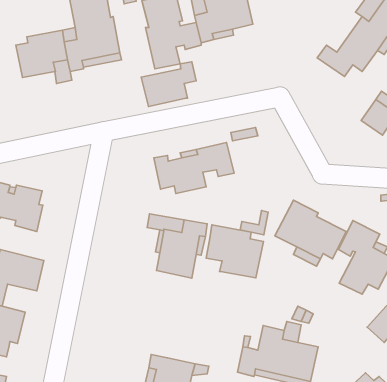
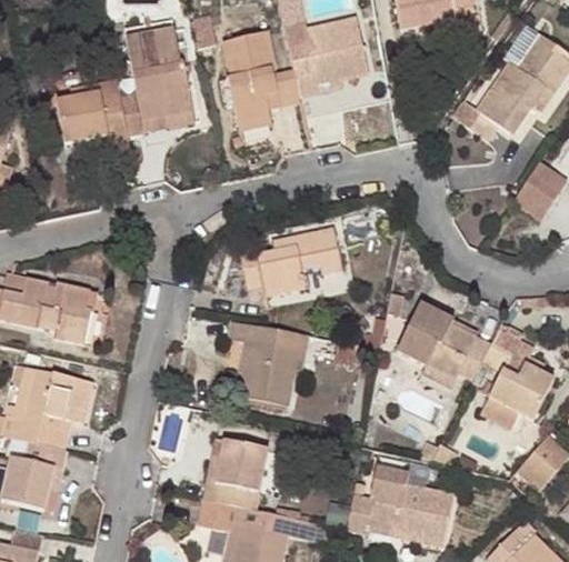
building: [141,62,196,107] -> none
building: [206,225,263,278] -> none
building: none -> [204,439,268,510]

